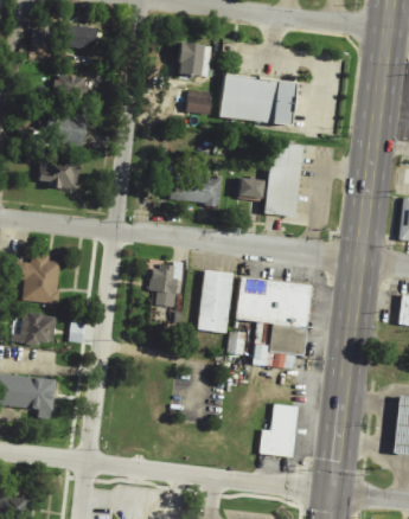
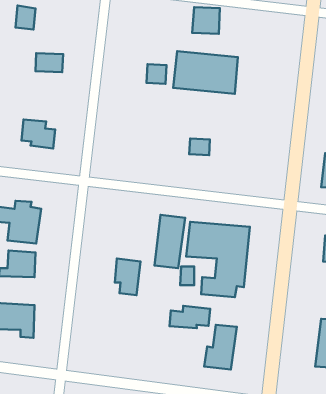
building: [64,25,97,52] -> none
building: [179,45,212,77] -> [192,7,220,34]
building: [55,114,87,147] -> none
building: [266,145,305,218] -> none
building: [172,175,222,205] -> none
building: [151,264,181,308] -> [115,259,140,295]
building: none -> [170,306,210,328]

